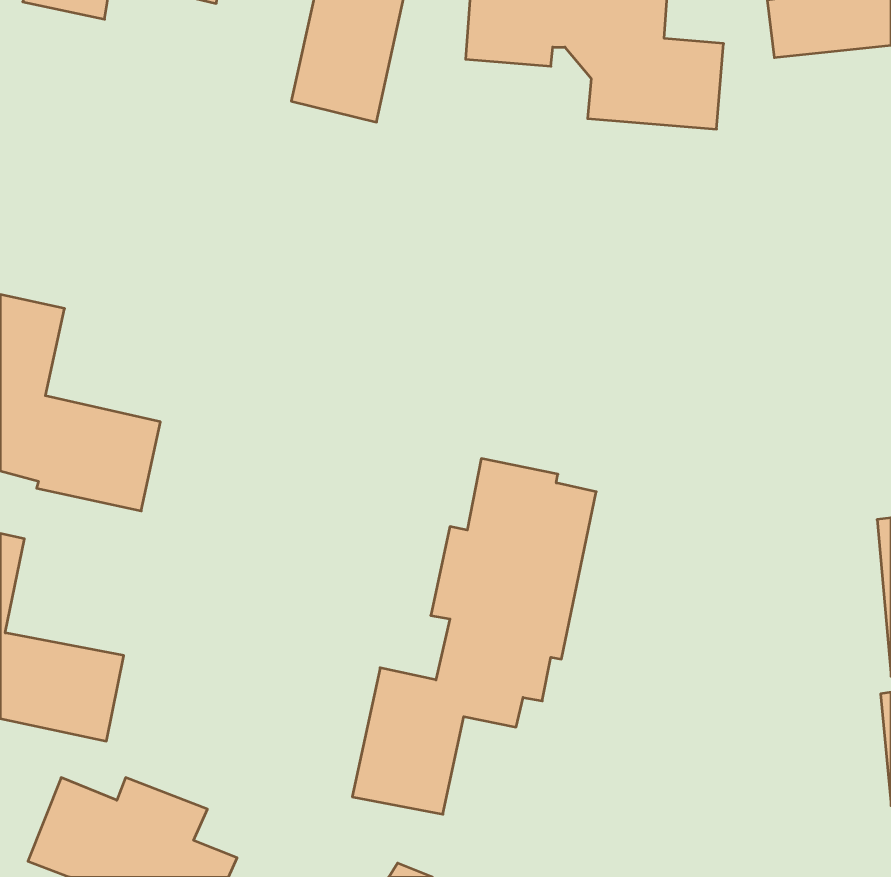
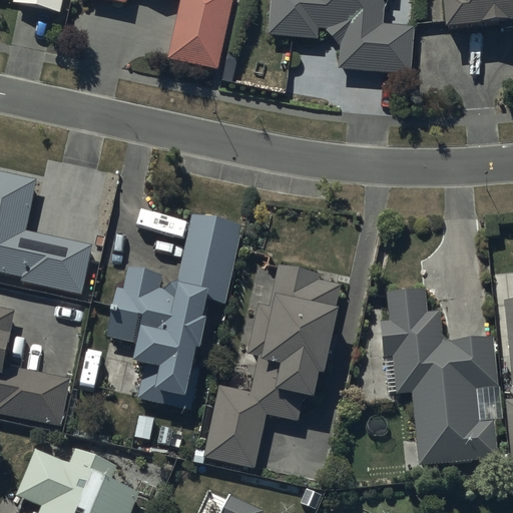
building: none -> [103,213,241,412]
building: none -> [380,287,499,462]

